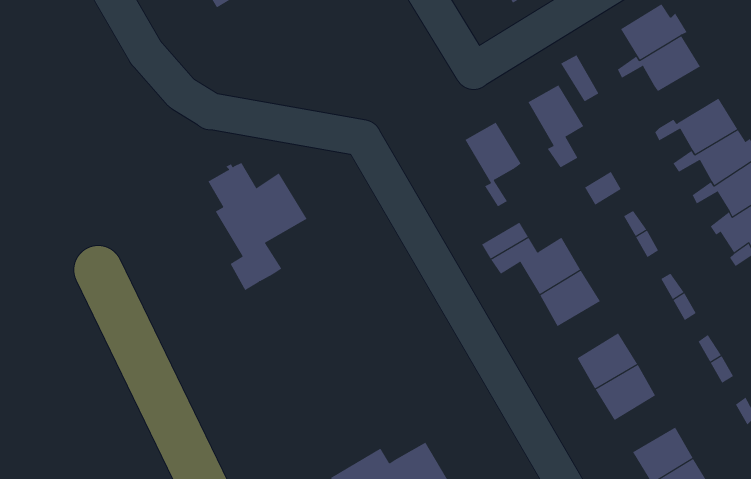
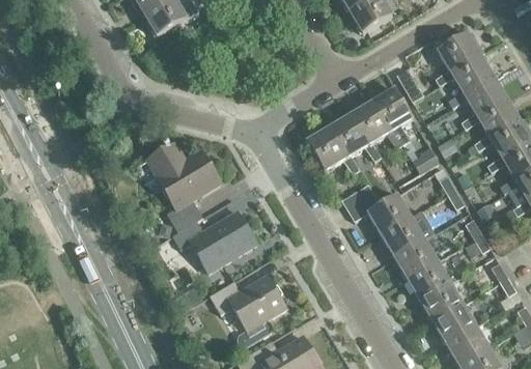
building: none -> [448,76,506,118]
building: none -> [352,101,391,160]
building: none -> [307,126,347,170]
building: none -> [172,210,256,272]
building: none -> [394,238,437,278]
building: none -> [209,275,285,344]
building: none -> [434,304,476,343]

